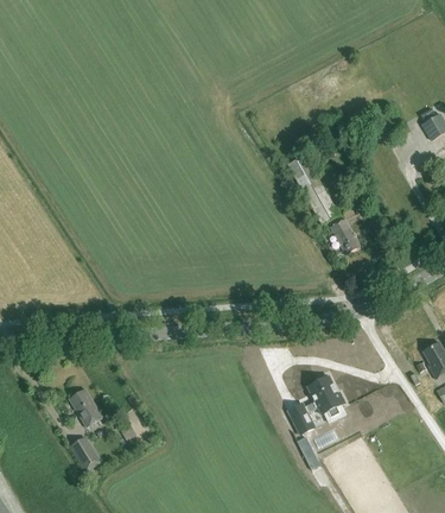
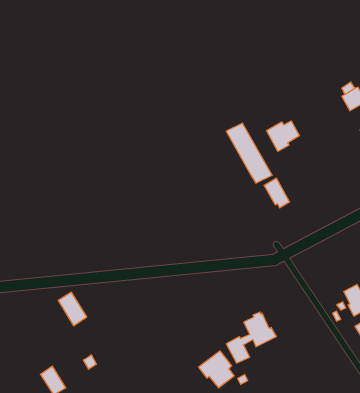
building: none -> [266,121,299,151]
building: [69,388,102,428] -> [58,292,87,326]
building: none -> [199,351,234,388]

